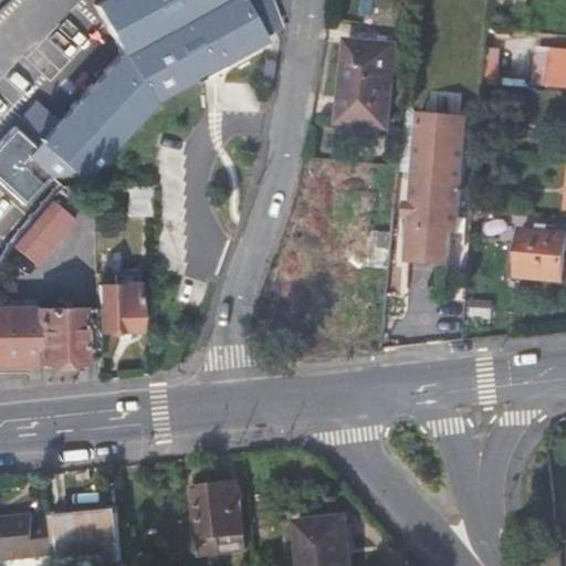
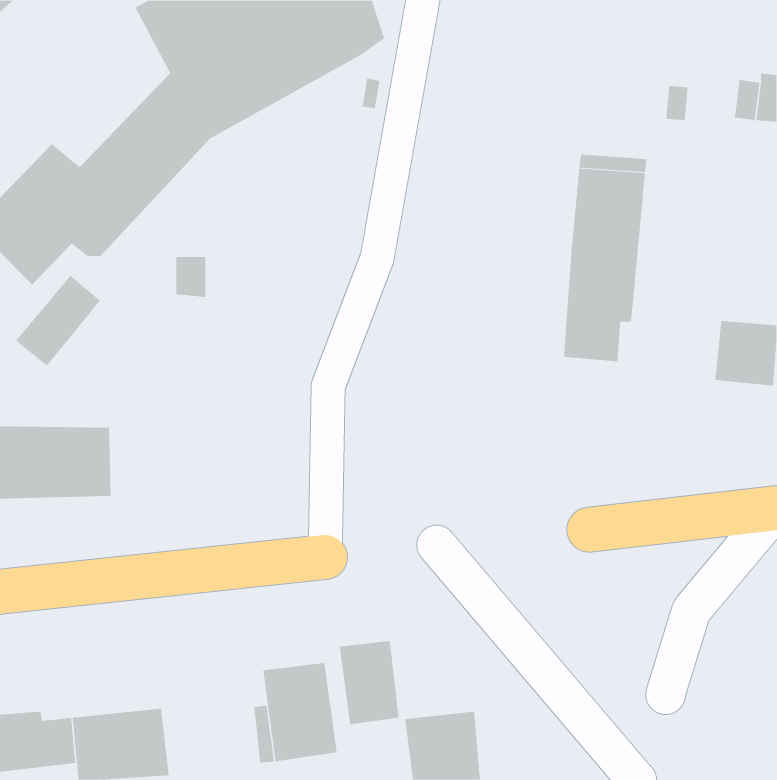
building: [337,42,395,128] -> none
building: [97,284,136,329] -> none
building: none -> [339,640,399,725]

